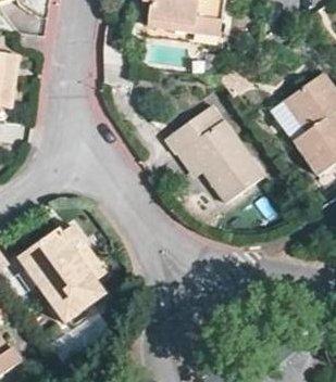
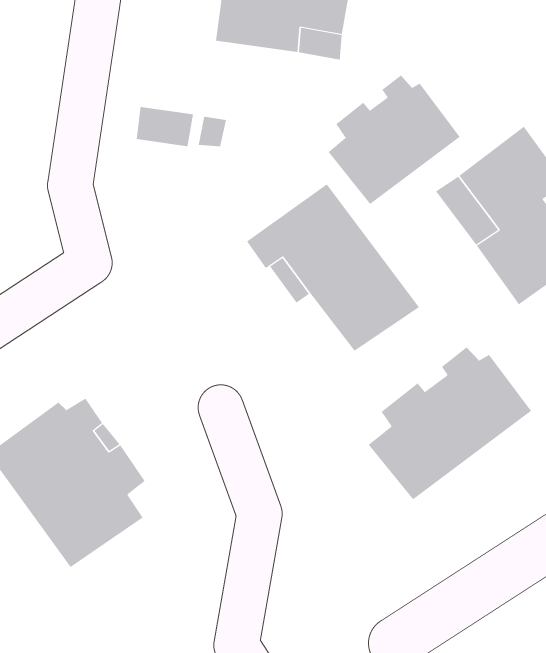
building: none -> [328,74,461,205]
building: none -> [368,347,532,500]

